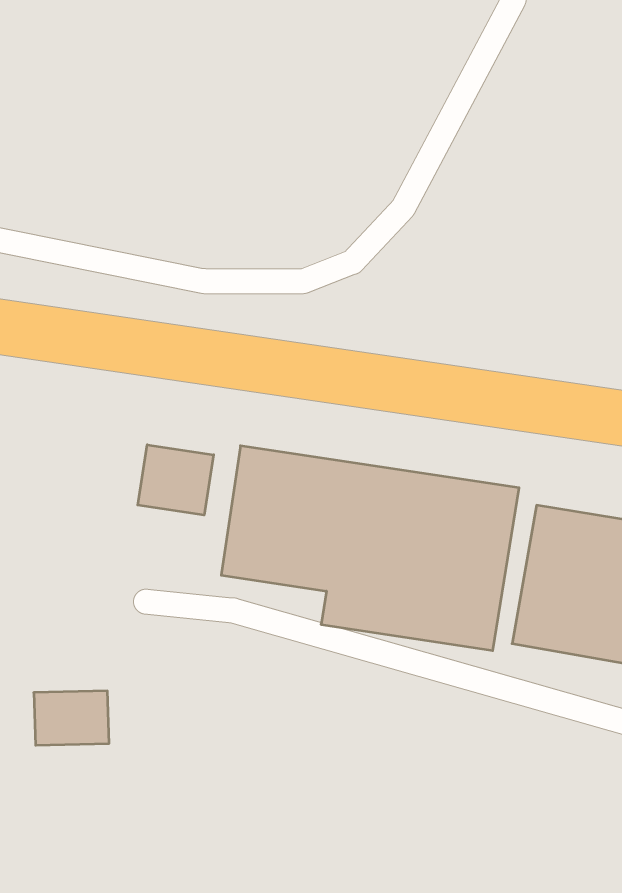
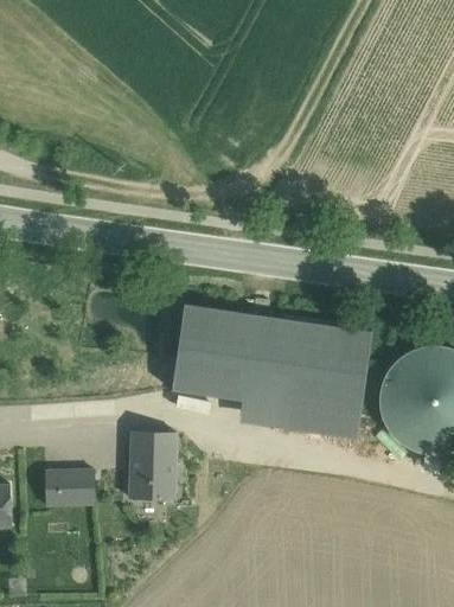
building: [138,445,214,515] -> none
building: none -> [129,432,178,499]

